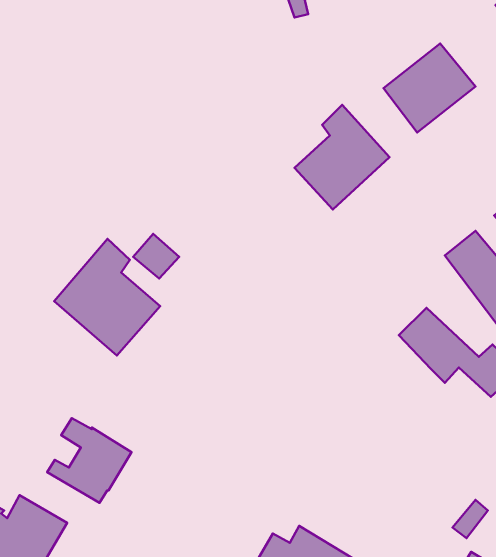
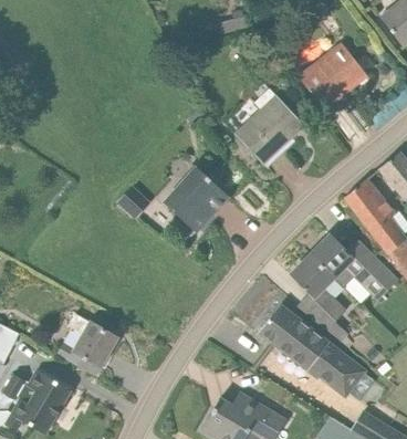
building: none -> [164,166,229,231]
building: [54,239,160,356] -> none
building: none -> [291,253,351,341]
building: none -> [261,305,355,389]

